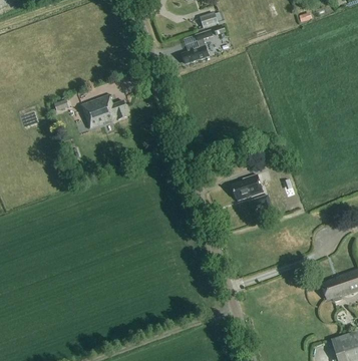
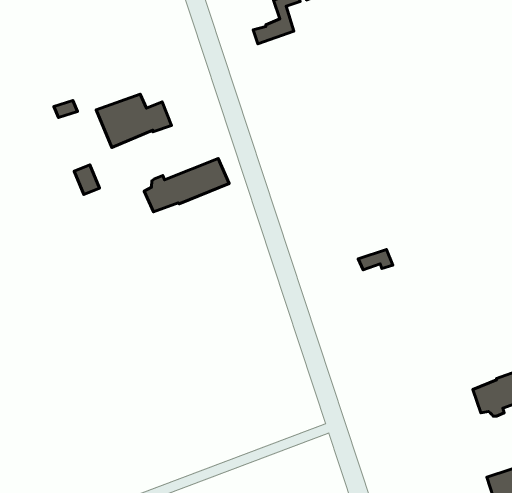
building: none -> [144,158,229,212]
building: [231,172,264,200] -> none

